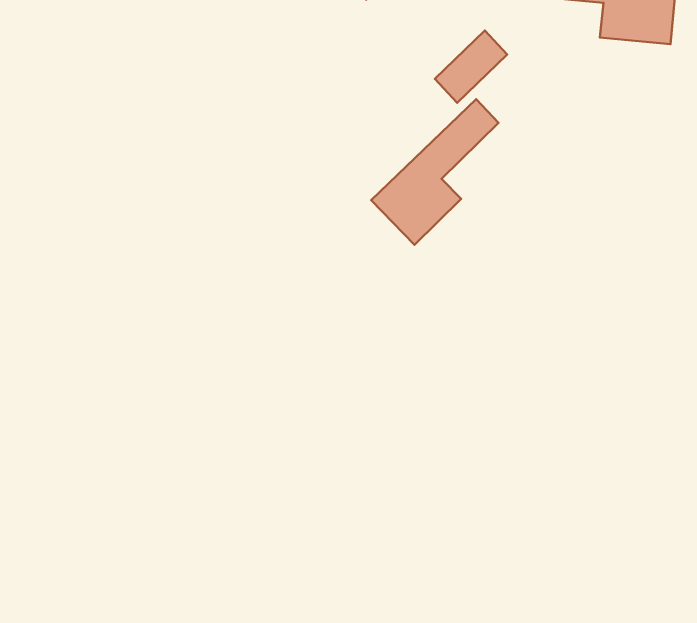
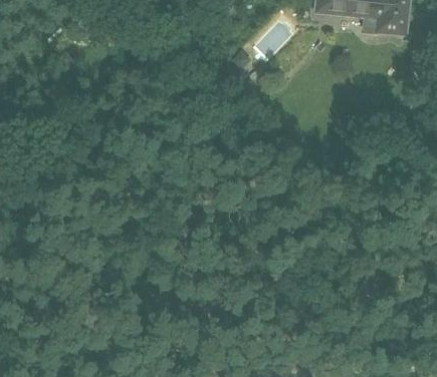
building: [371,99,499,245] -> none

